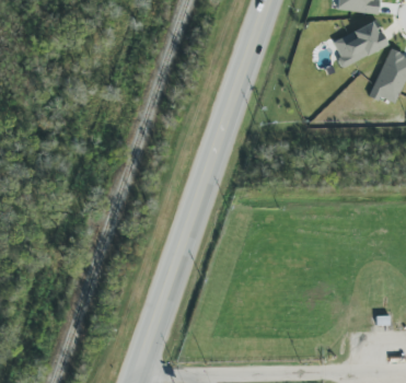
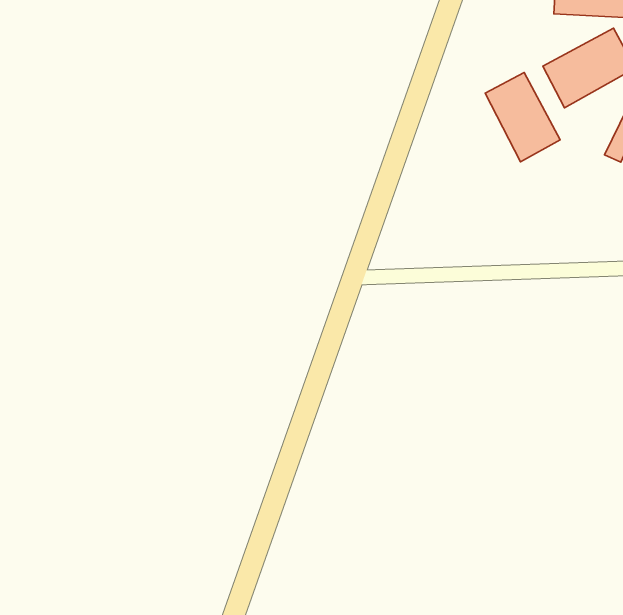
building: none -> [485,72,560,162]

